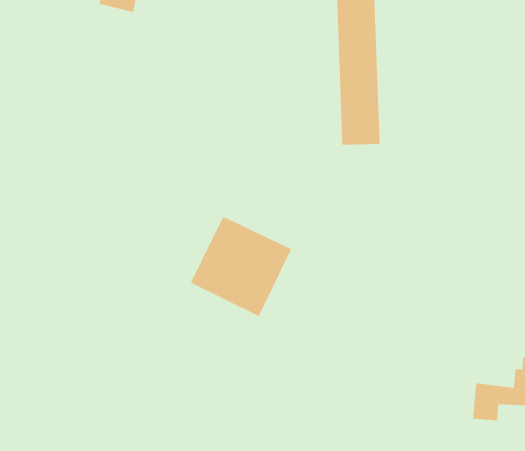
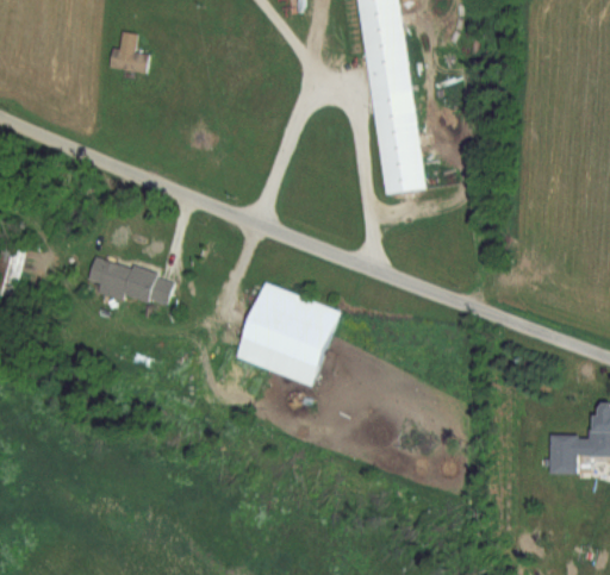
building: none -> [88,257,174,302]

